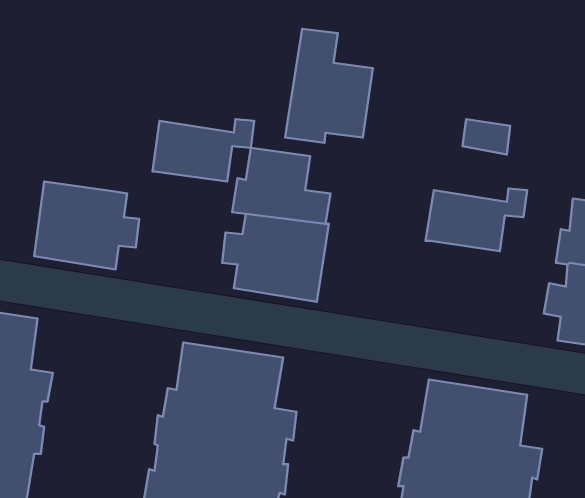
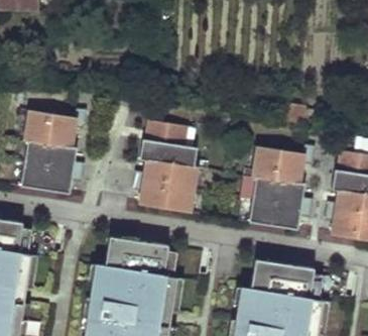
building: [285,29,373,143] -> none
building: [153,119,254,182] -> [26,109,87,146]
building: none -> [249,176,312,228]

